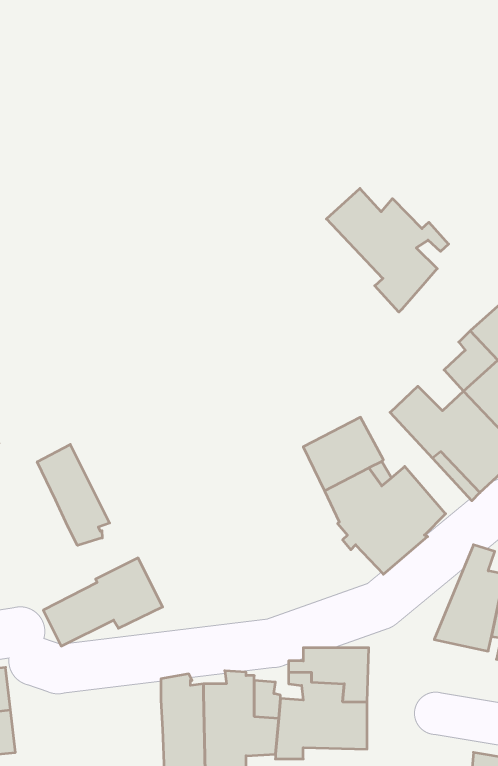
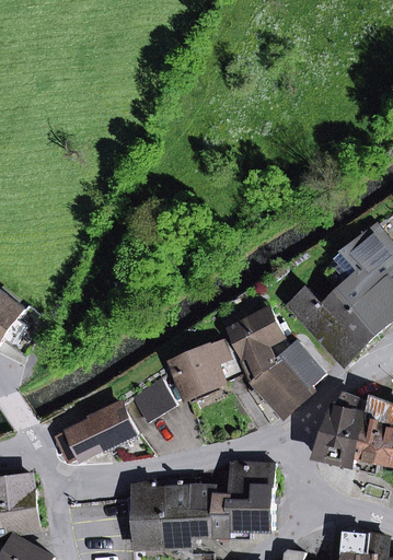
building: [326,188,449,312] -> none
building: [37,444,110,545] -> none
building: none -> [170,339,242,397]
building: none -> [130,380,173,422]

